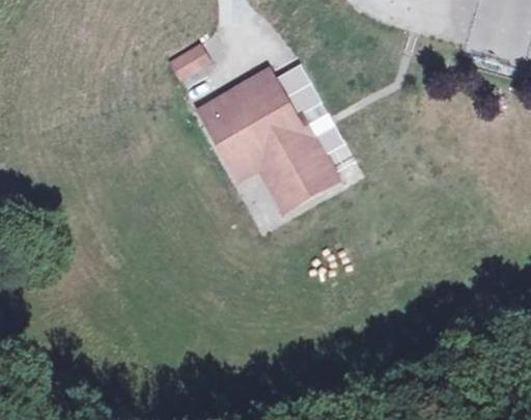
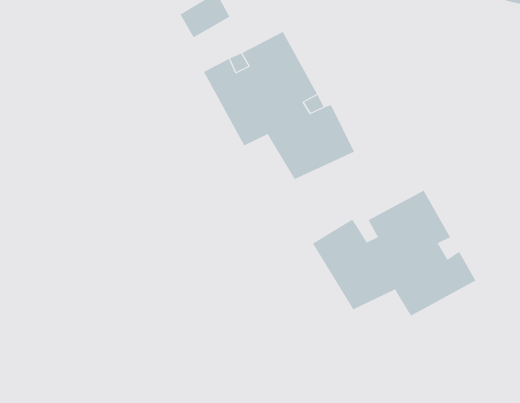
building: none -> [312,190,476,316]

